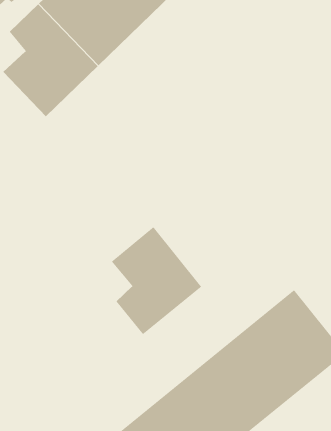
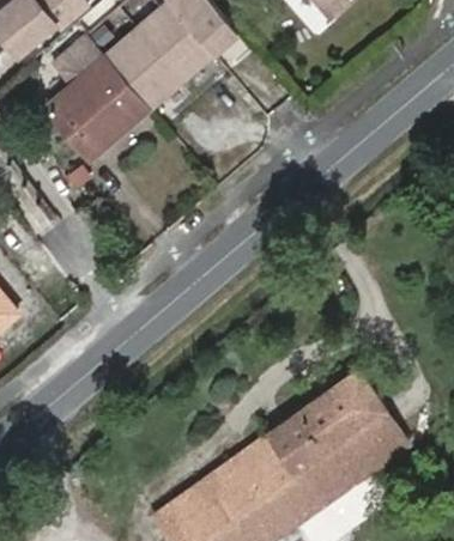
building: [111,226,202,335] -> none

